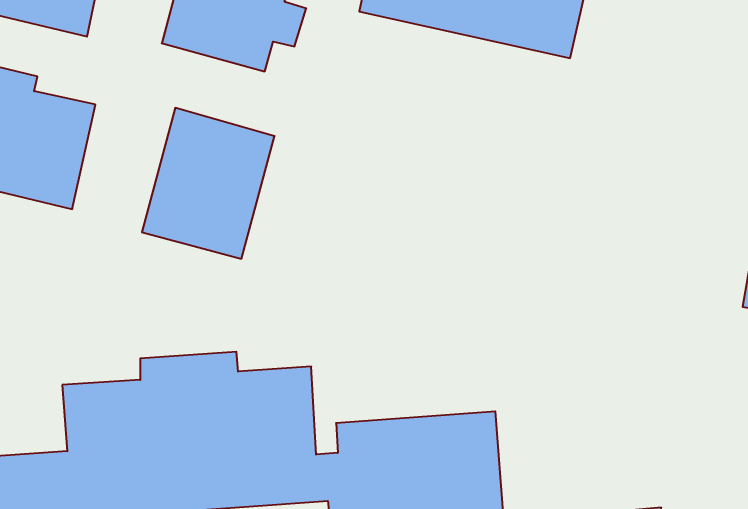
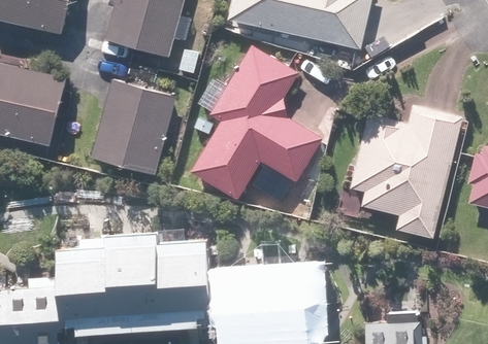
building: none -> [192,44,325,200]
building: none -> [334,104,462,238]

